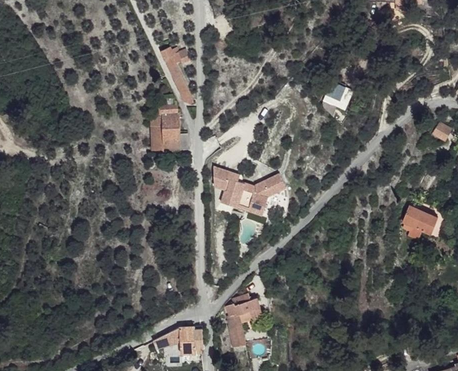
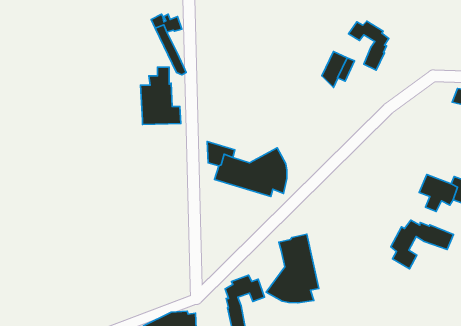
building: none -> [348,21,389,70]
building: none -> [391,220,454,269]
building: none -> [266,234,319,303]

